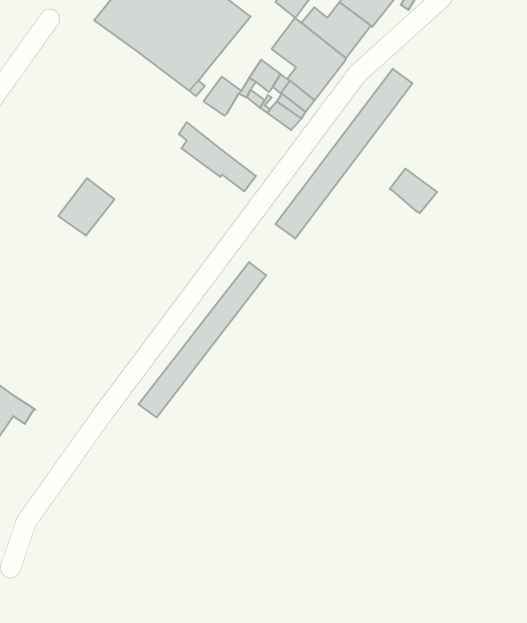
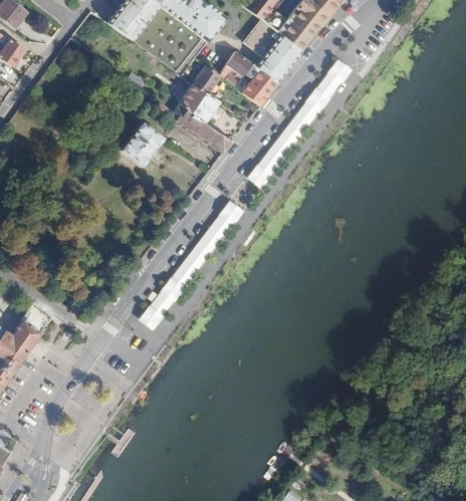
building: none -> [178,83,218,120]
building: [390,168,437,213] -> none
building: [58,178,114,236] -> [120,119,163,164]

